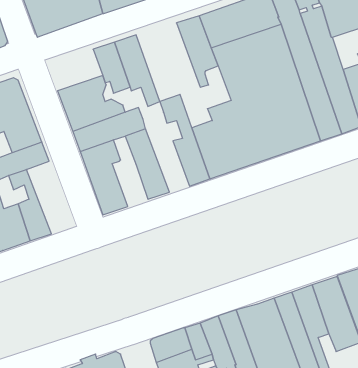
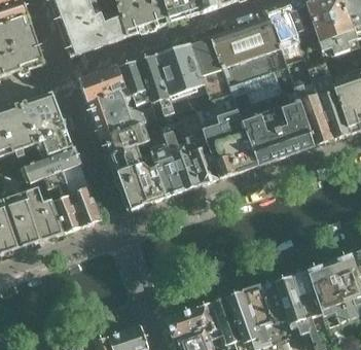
building: none -> [155,43,211,111]
building: none -> [79,66,127,102]
building: none -> [161,120,202,189]
building: none -> [135,163,166,202]
building: none -> [69,184,101,225]

